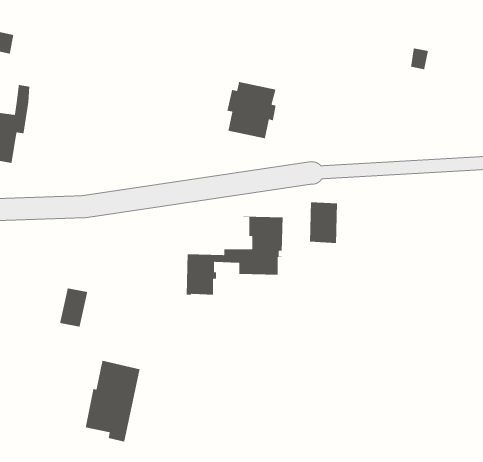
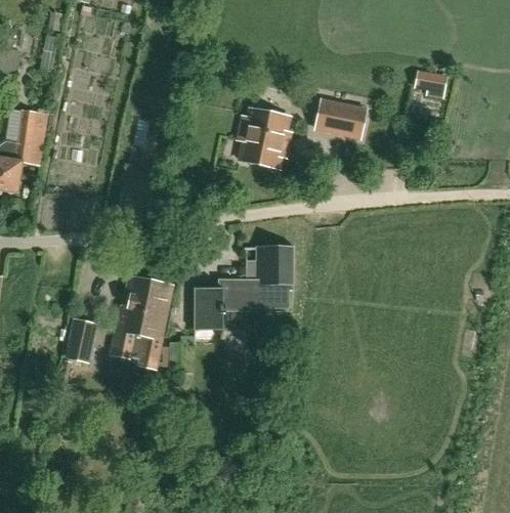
building: none -> [315,101,365,137]
building: [309,202,338,244] -> none
building: [85,360,141,443] -> [113,277,170,362]

